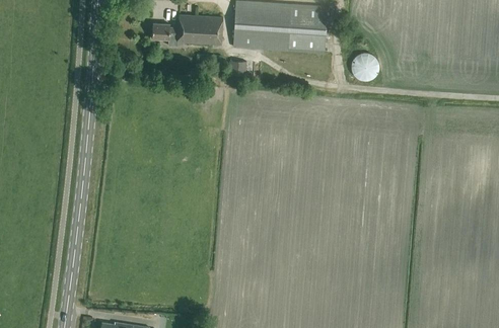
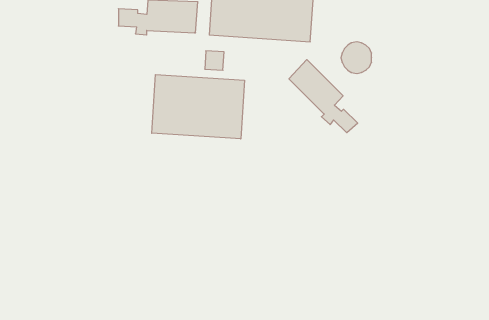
building: none -> [289,60,358,133]
building: none -> [152,75,244,139]

